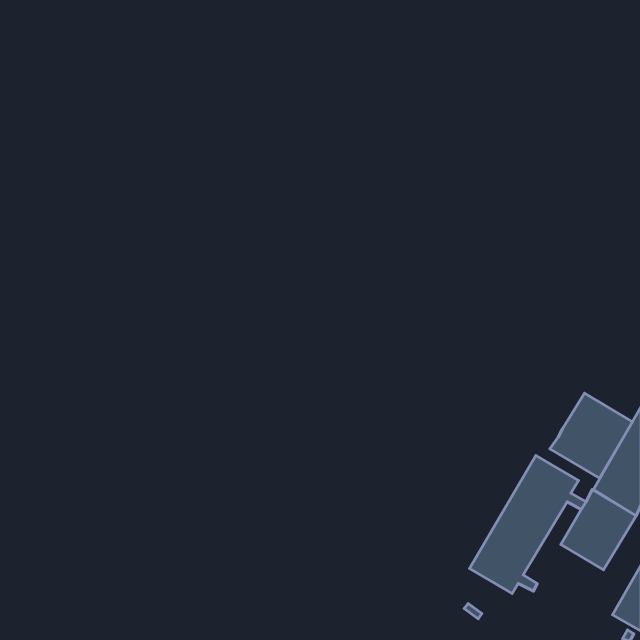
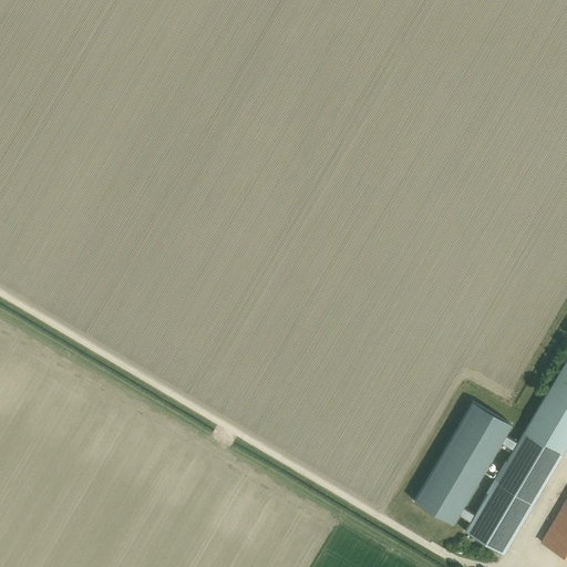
building: [550,393,632,478] -> none
building: none -> [466,482,534,555]

